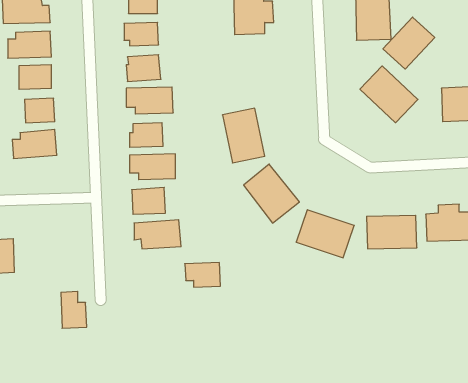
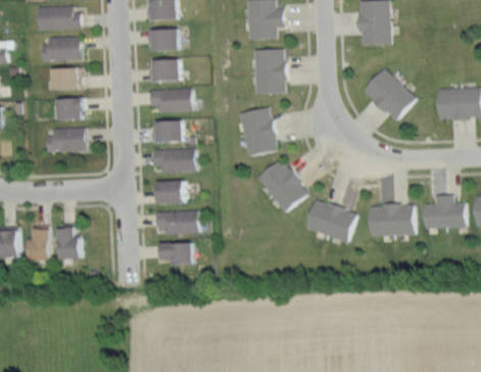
building: [383,17,435,69] -> none
building: none -> [253,49,285,94]
building: [185,263,220,287] -> [160,243,193,266]
building: [61,291,87,328] -> [54,226,78,260]

